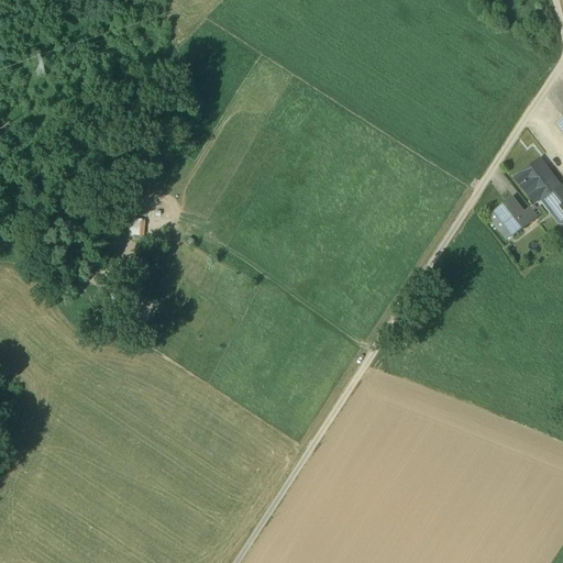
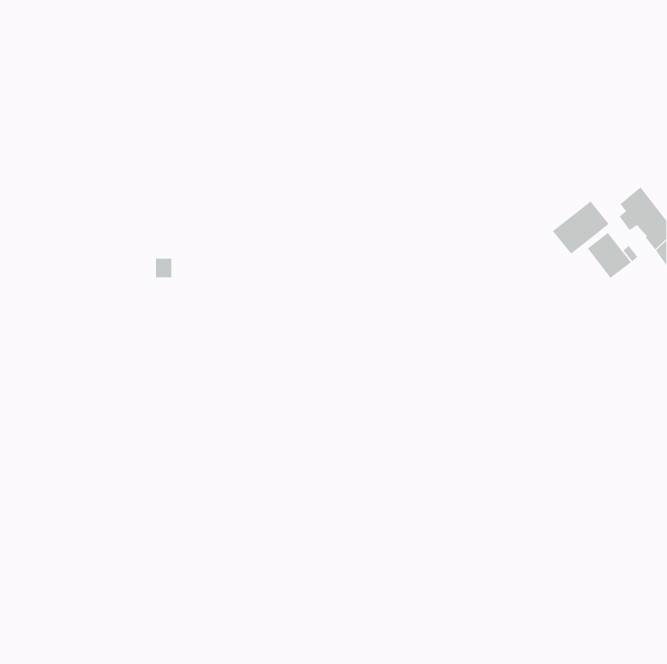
building: none -> [551,200,610,254]

